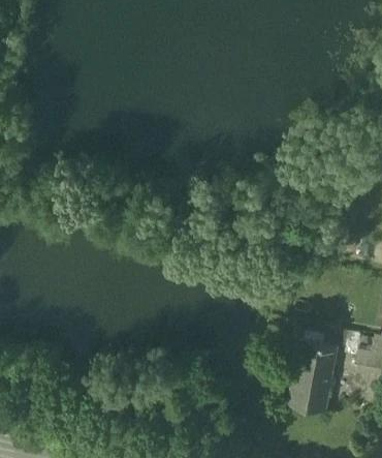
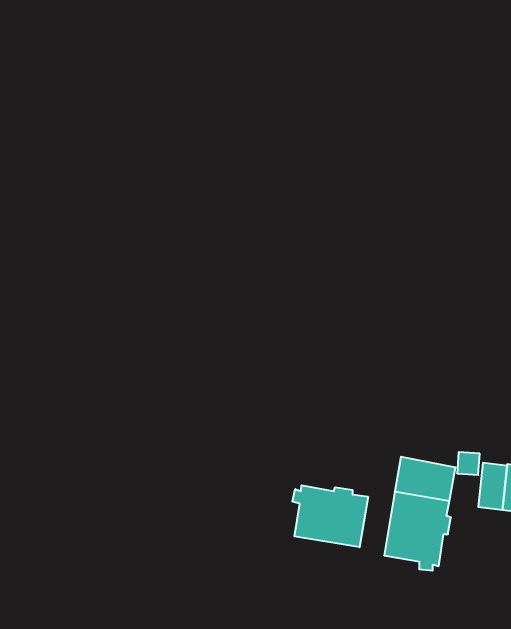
building: none -> [292,485,368,547]

